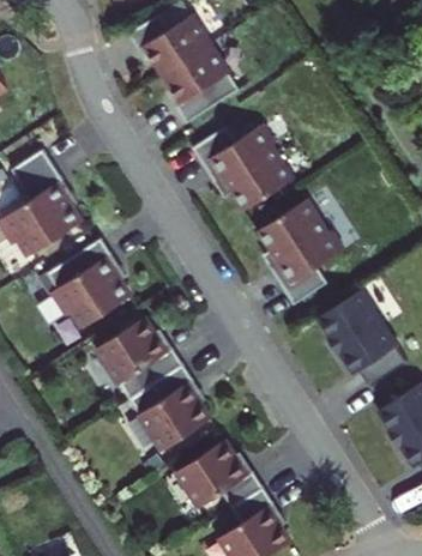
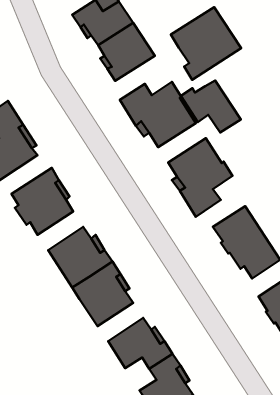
building: none -> [171,7,241,80]
building: none -> [181,81,241,133]

